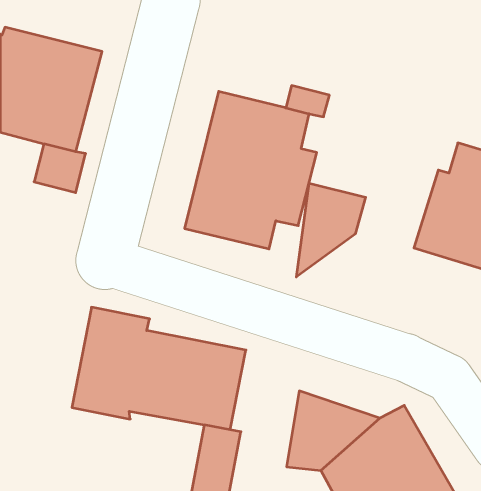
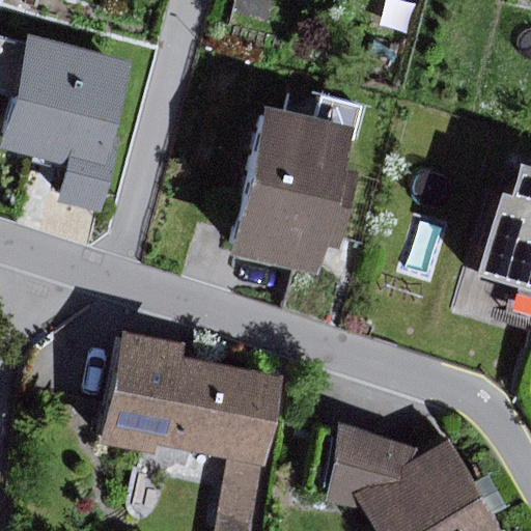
building: [296,183,366,277] -> none

